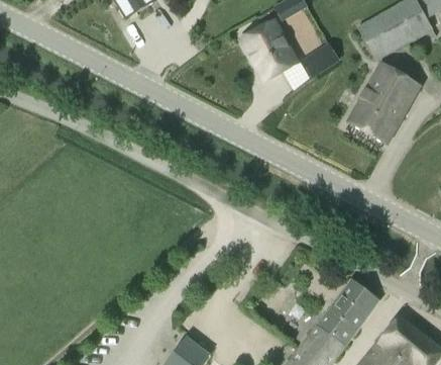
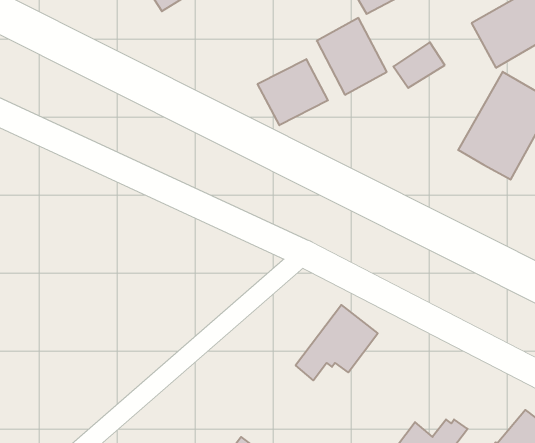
building: none -> [258,59,328,125]
building: [317,279,378,336] -> [296,305,378,380]

